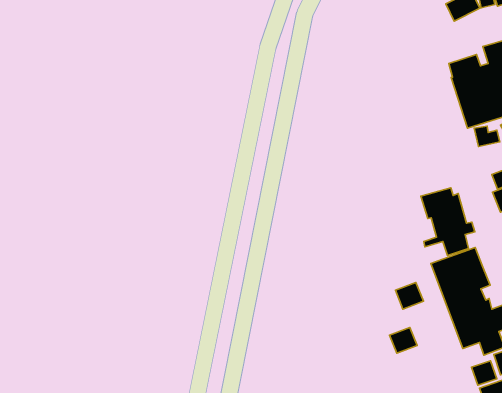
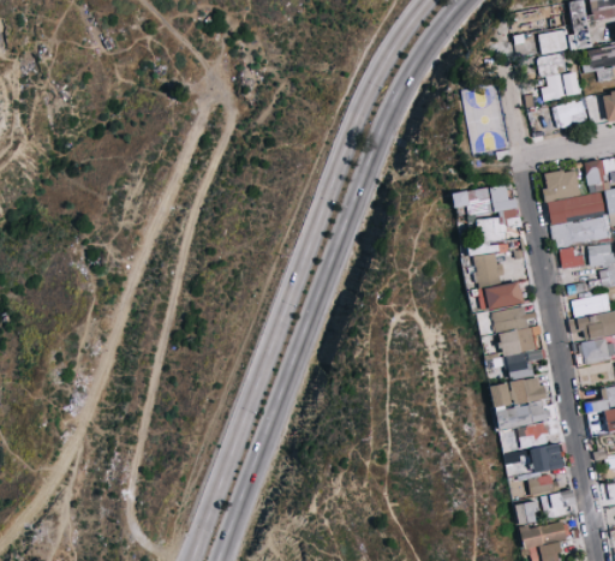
building: none -> [453,184,524,310]
building: [395,283,423,309] -> none
building: [390,327,417,353] -> none

